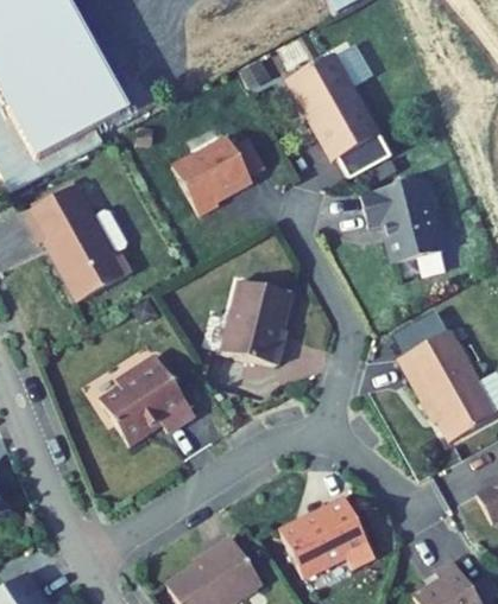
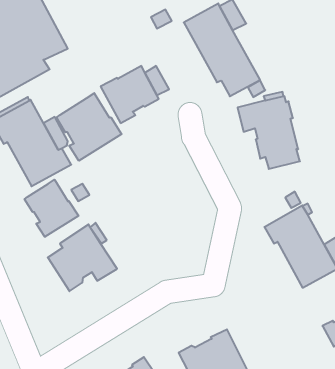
building: none -> [56,93,122,161]
building: [222,279,292,364] -> none
building: none -> [25,180,78,237]

